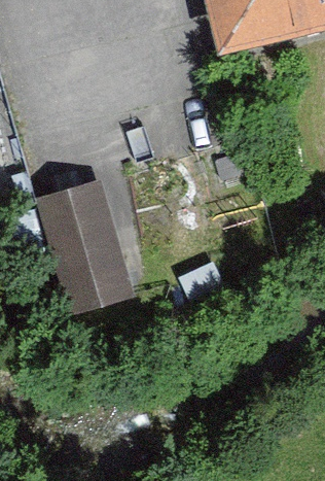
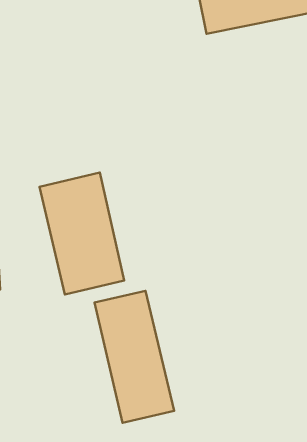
building: none -> [95,291,174,423]

